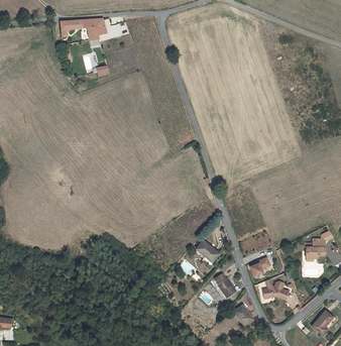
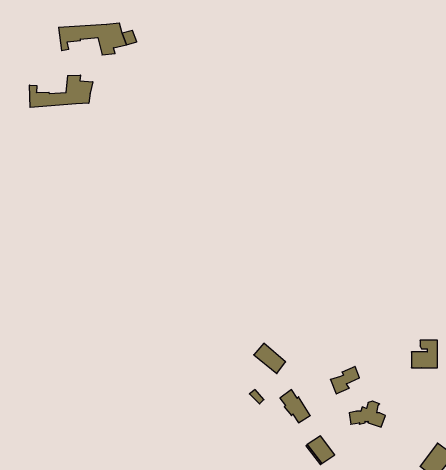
building: none -> [30,75,93,107]

